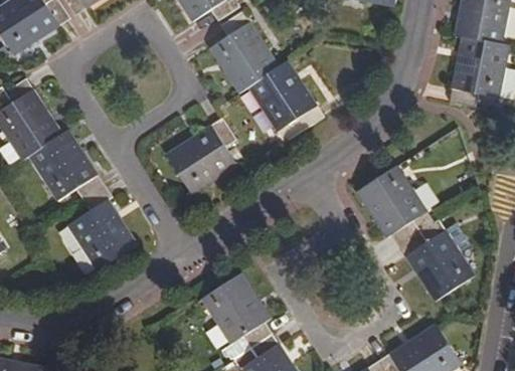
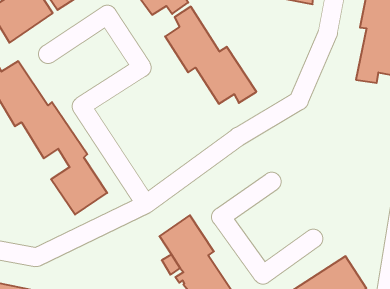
building: [166,118,237,195] -> none
building: [356,166,475,302] -> none

